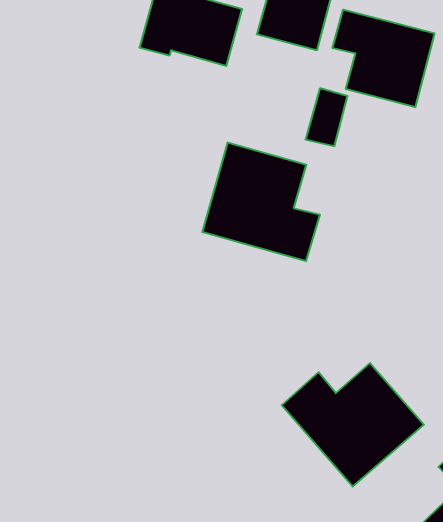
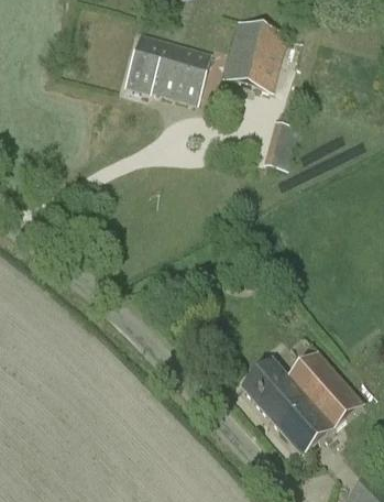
building: [333,10,434,107] -> none
building: [202,142,320,261] -> none

